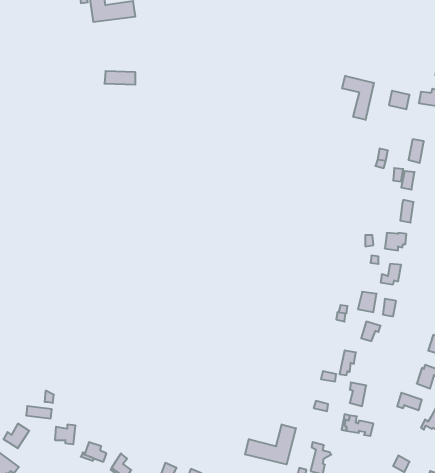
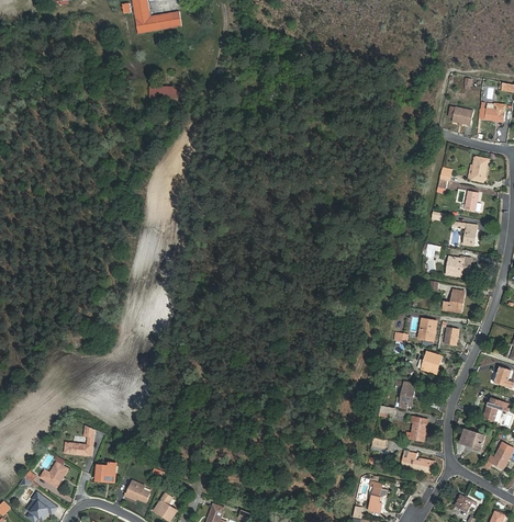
building: [342,76,374,120] -> none
building: [245,424,296,464] -> none

